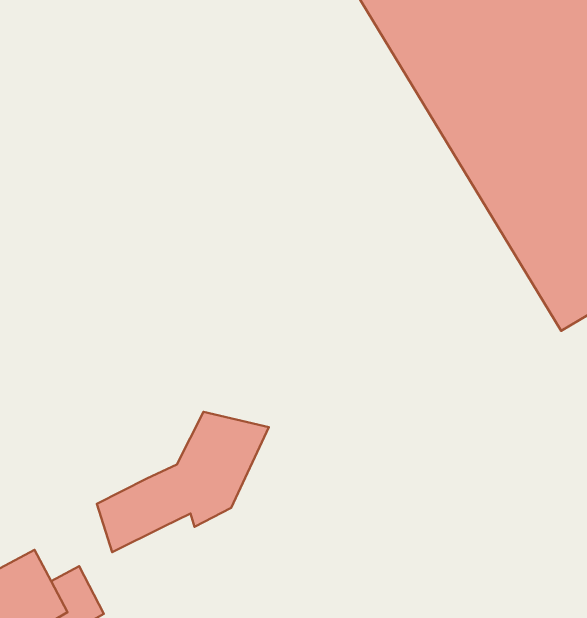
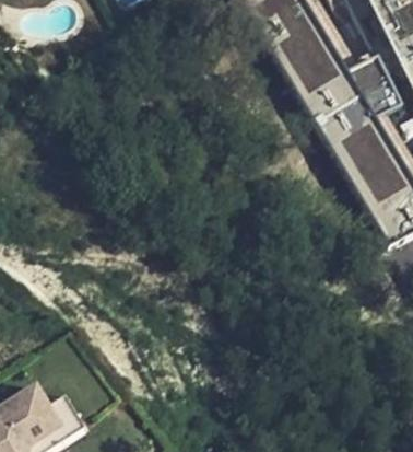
building: [97,412,269,552] -> none

